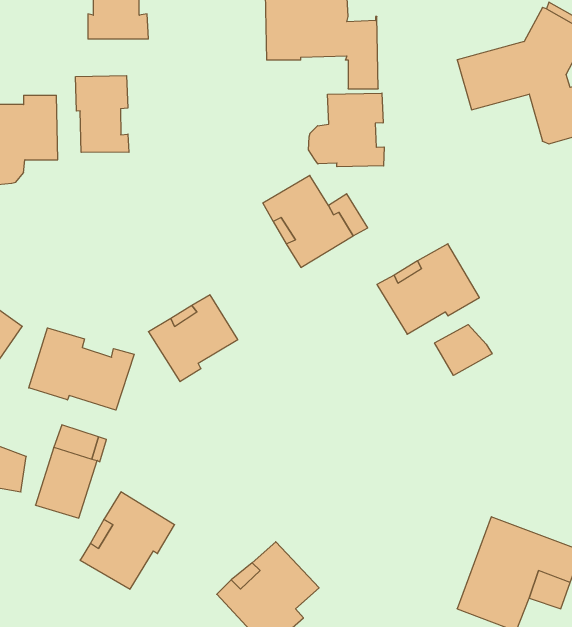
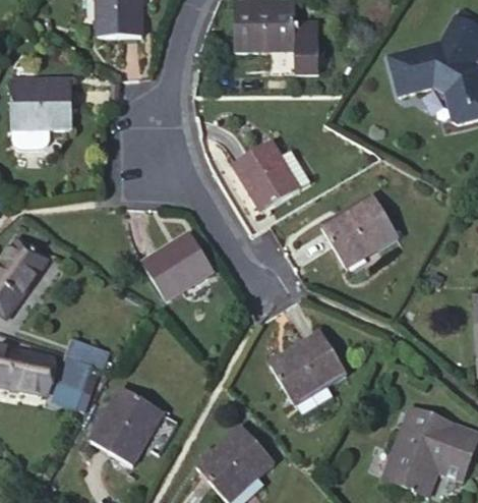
building: [76,76,129,152] -> none
building: [309,93,384,167] -> none
building: [435,325,492,375] -> none
building: [29,328,134,410] -> none
building: none -> [270,333,347,416]

